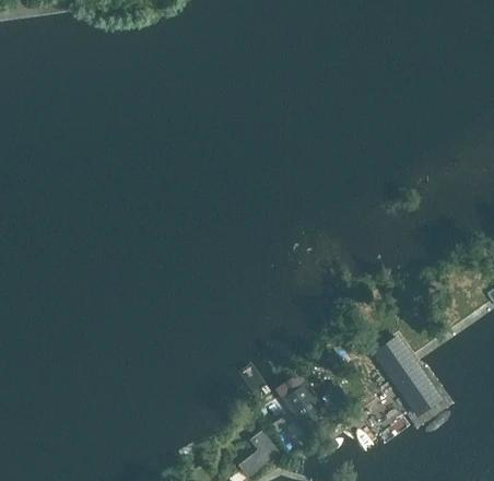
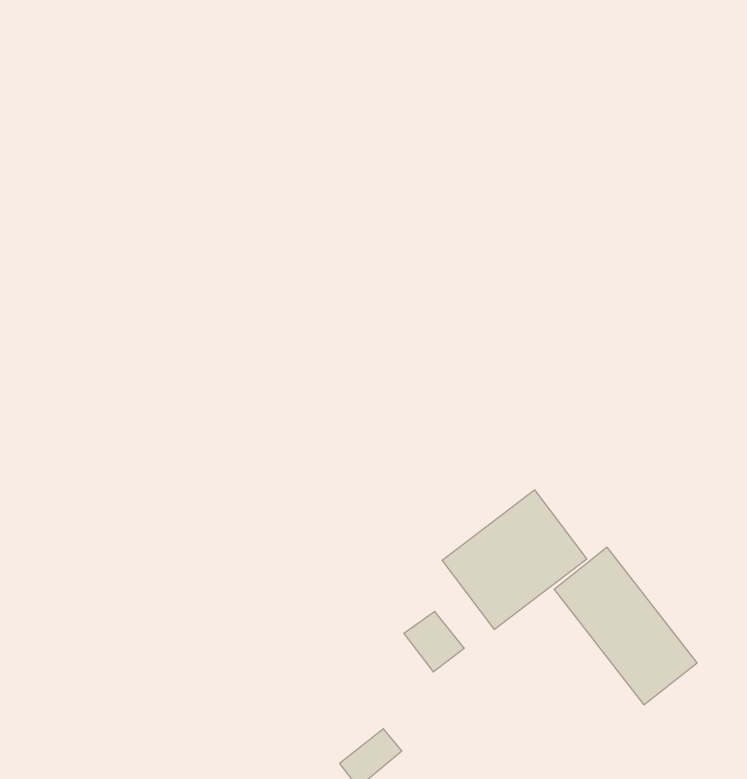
building: none -> [442,490,587,630]

